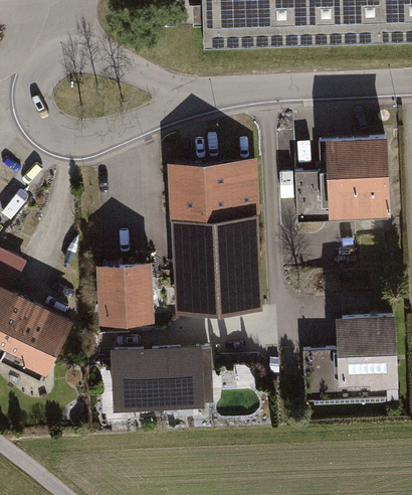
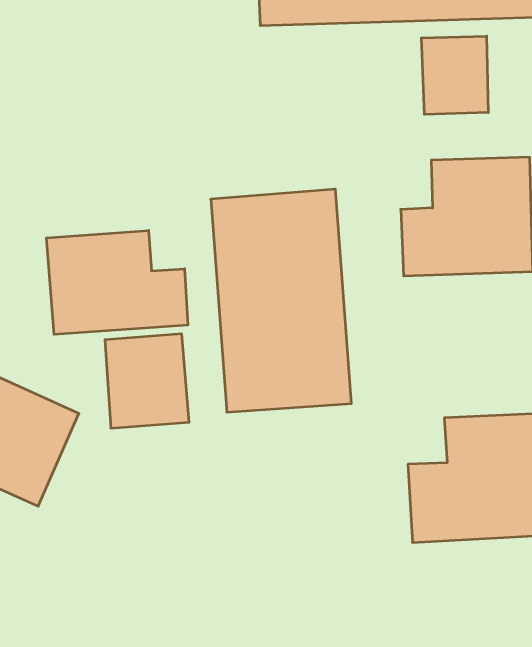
building: none -> [421,36,488,114]
building: none -> [46,230,188,334]
building: [109,344,210,409] -> none

